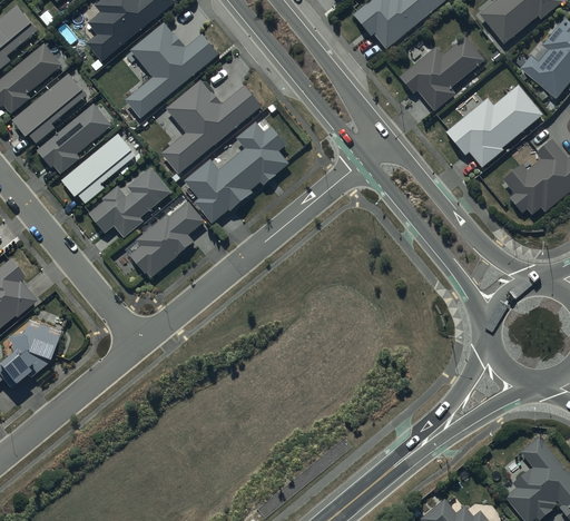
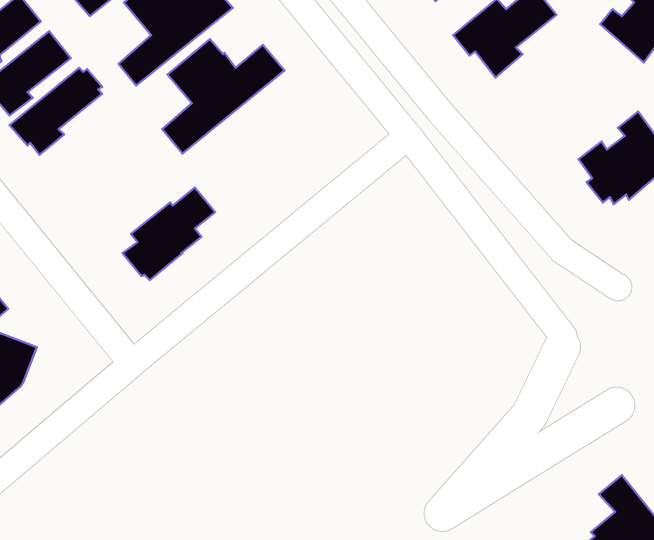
building: [445,85,542,167] -> none
building: [184,122,289,224] -> none
building: [61,134,136,204] -> none
building: [89,167,171,237] -> none

